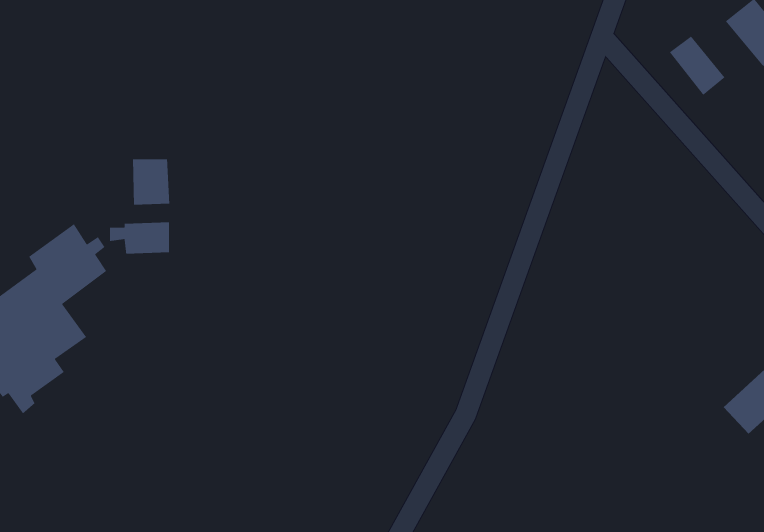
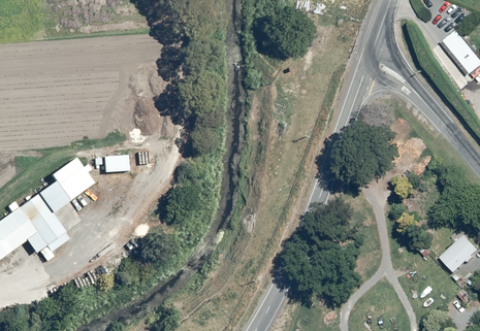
building: [669,36,726,96] -> none
building: [132,158,170,206] -> none

